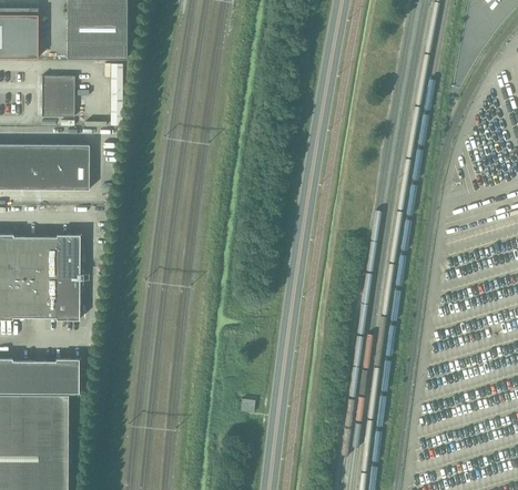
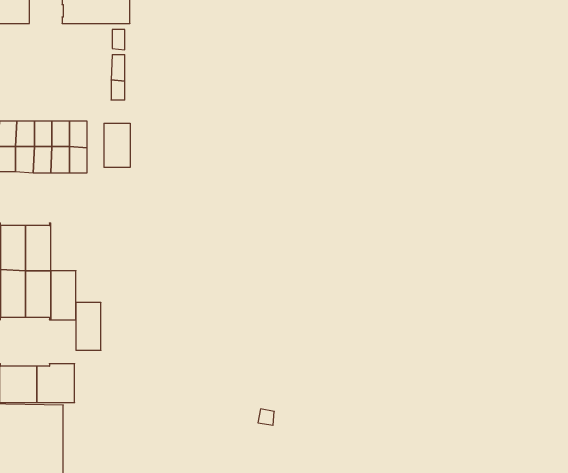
building: [41,76,74,118] -> none
building: none -> [104,123,130,167]
building: [57,235,79,277] -> [76,303,101,350]

